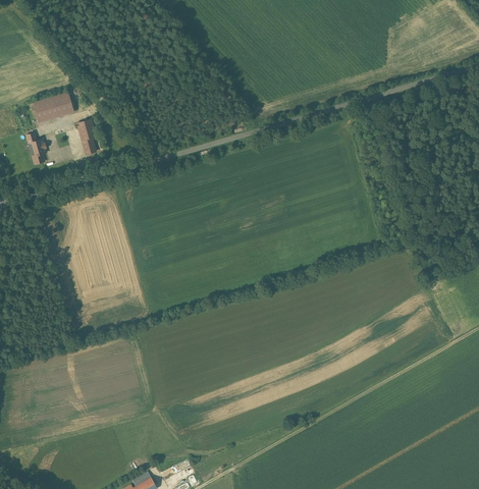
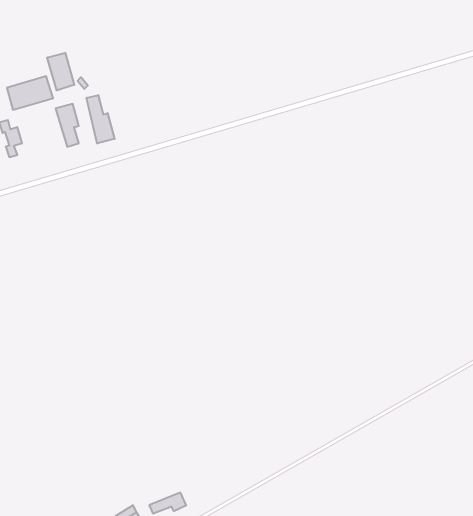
building: none -> [47,53,74,90]
building: none -> [87,95,115,144]

